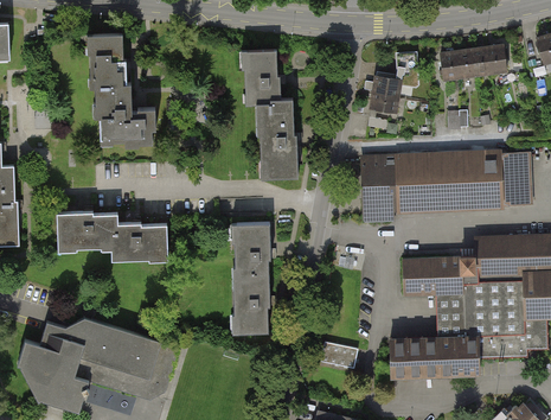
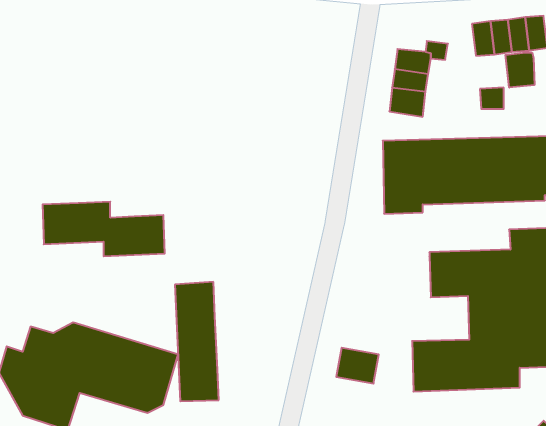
building: [88,36,153,142] -> none
building: [242,51,297,176] -> none
building: none -> [505,52,534,88]
building: [231,223,270,330] -> [175,282,219,401]

